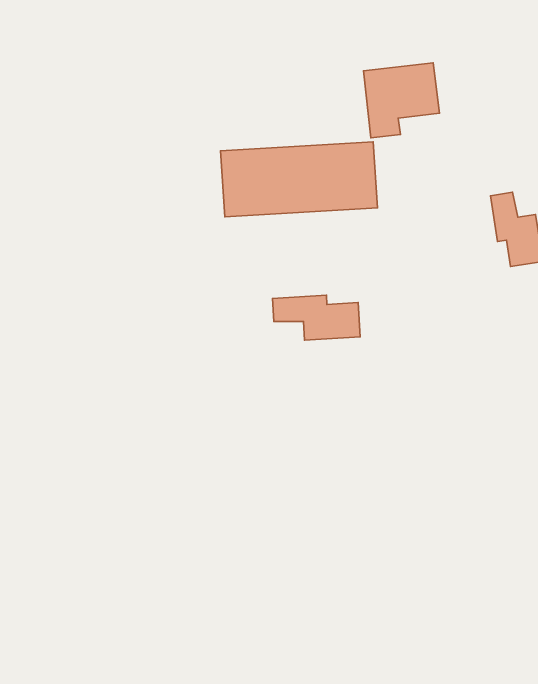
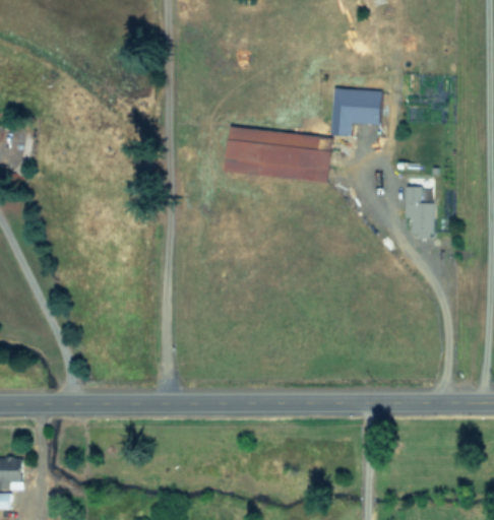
building: [273,295,360,340] -> none

